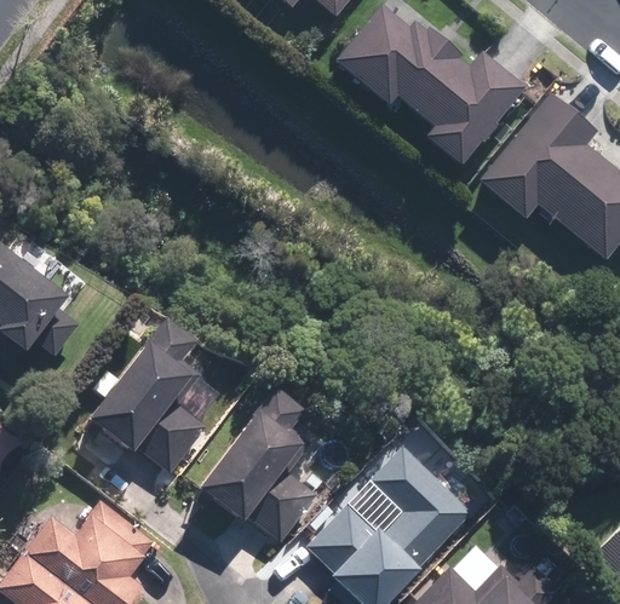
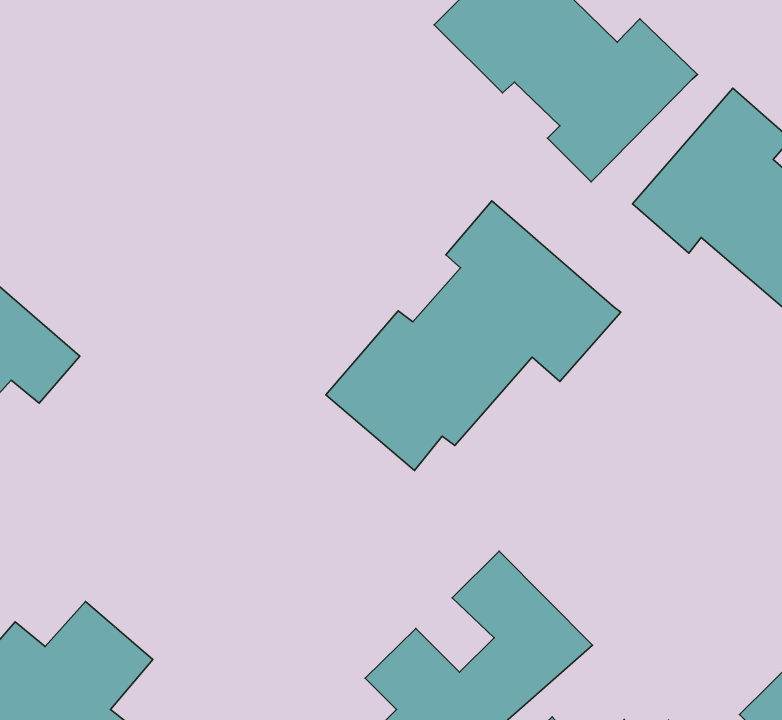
building: none -> [326,201,621,470]
building: [85,322,207,473] -> none
building: [190,386,322,541] -> none

